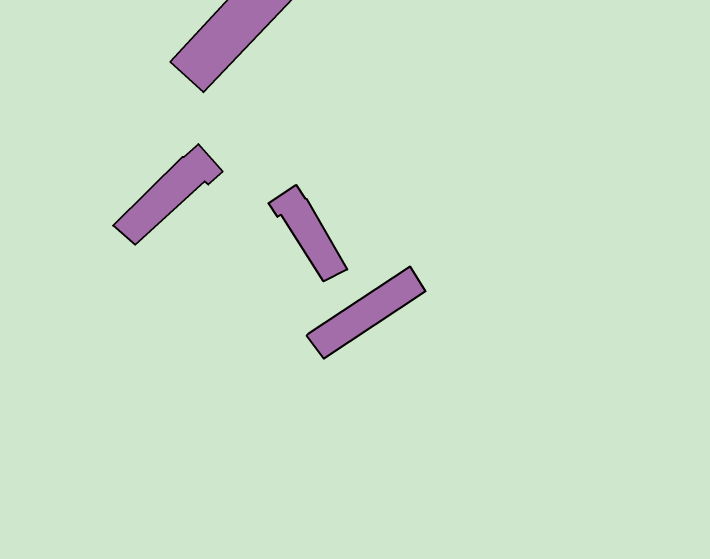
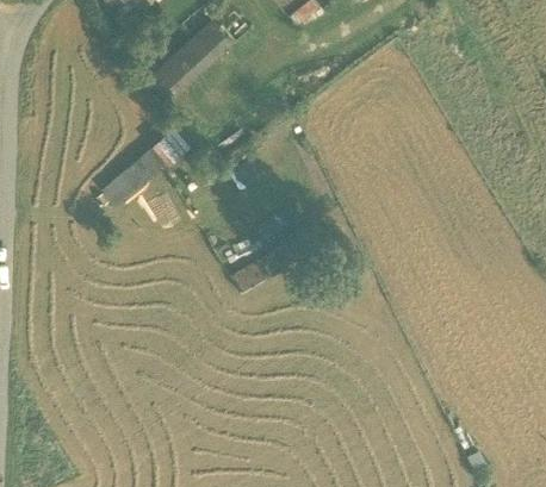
building: [268,185,347,281] -> none

